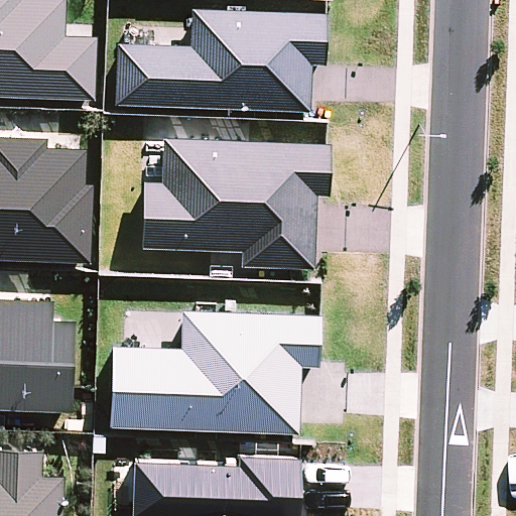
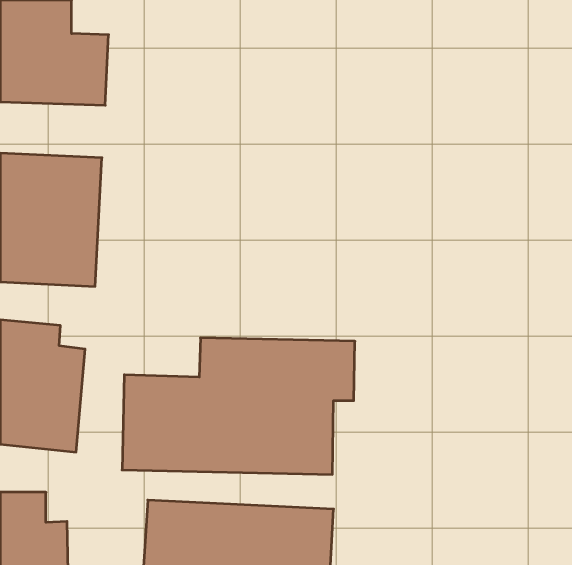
building: [117,10,327,112] -> none
building: [141,139,331,269] -> none

